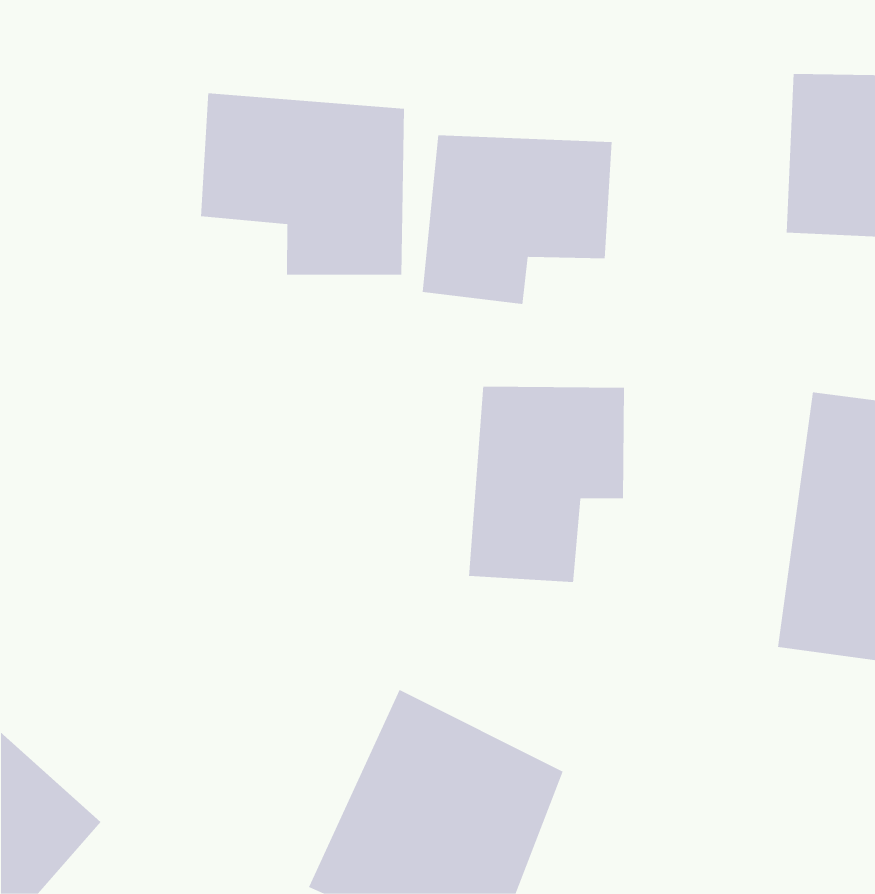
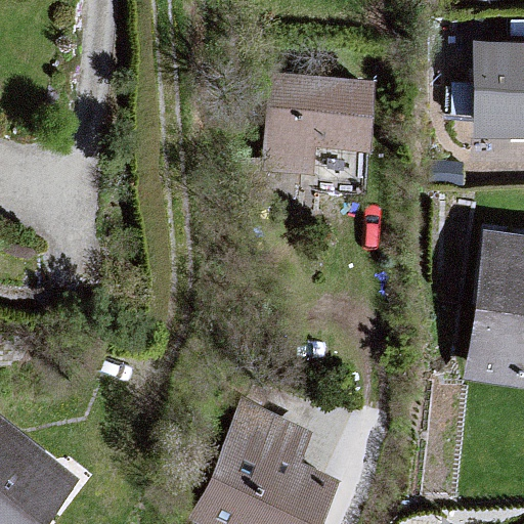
building: [201,93,405,276] -> none
building: [468,386,625,583] -> none

